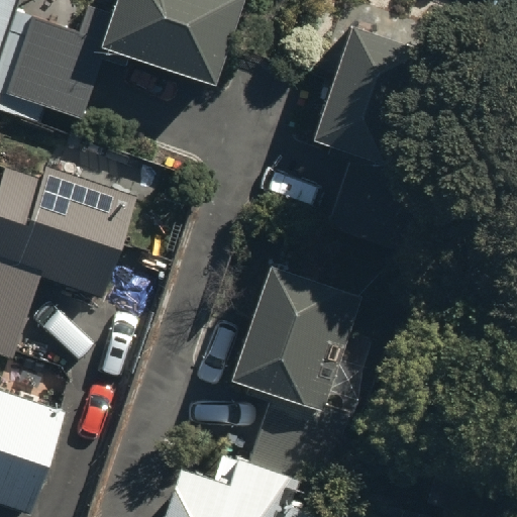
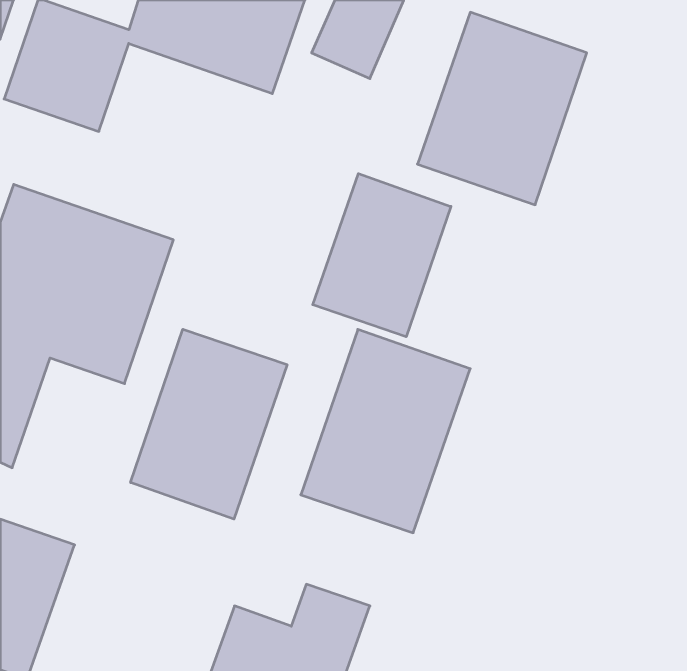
building: none -> [313,174,451,337]
building: none -> [131,329,287,519]

